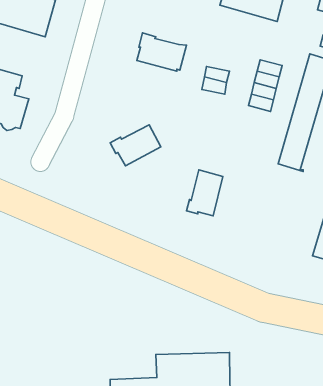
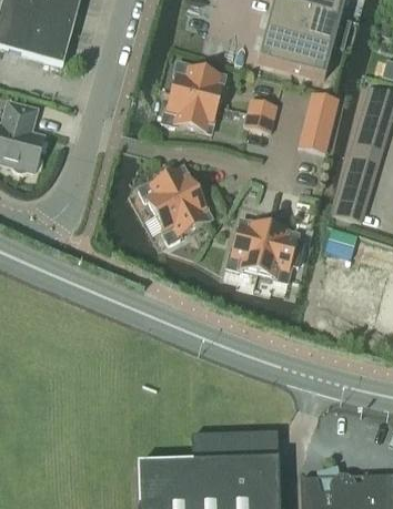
building: none -> [259,28,333,78]
building: none -> [160,92,219,135]
building: none -> [157,192,211,243]
building: none -> [259,226,305,282]

